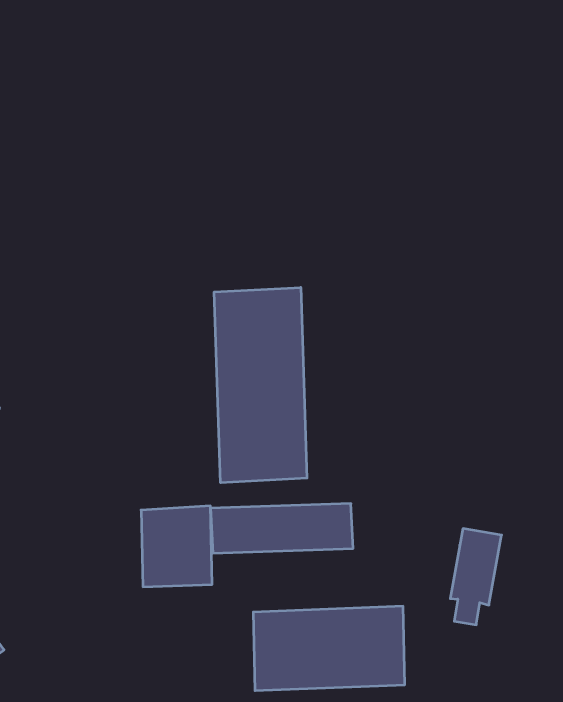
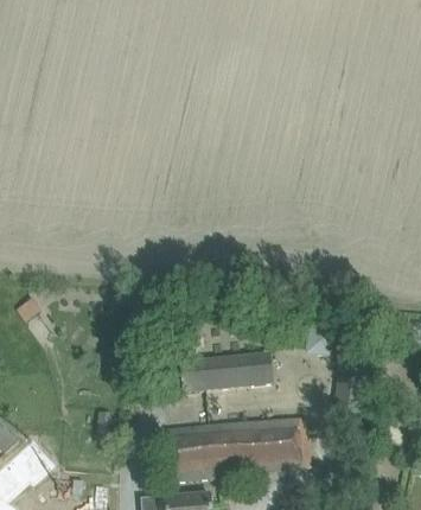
building: [214,287,307,483] -> none
building: [141,506,212,587] -> [165,427,213,482]

